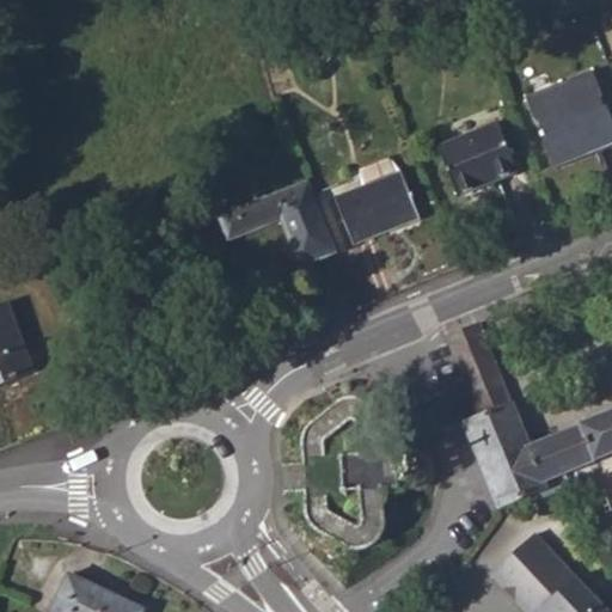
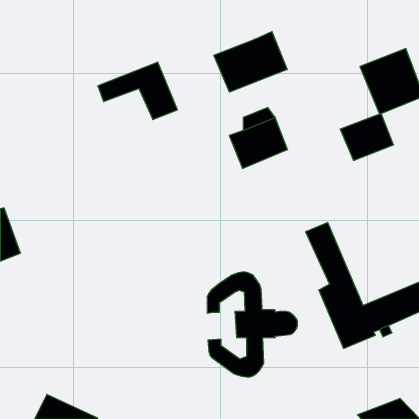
building: none -> [214,31,287,92]
building: [439,124,516,192] -> [340,114,394,160]
building: [220,182,336,265] -> [98,62,177,120]
building: [490,528,583,604] -> none

